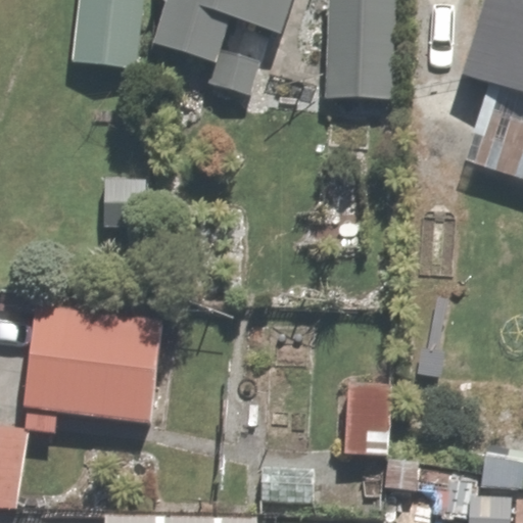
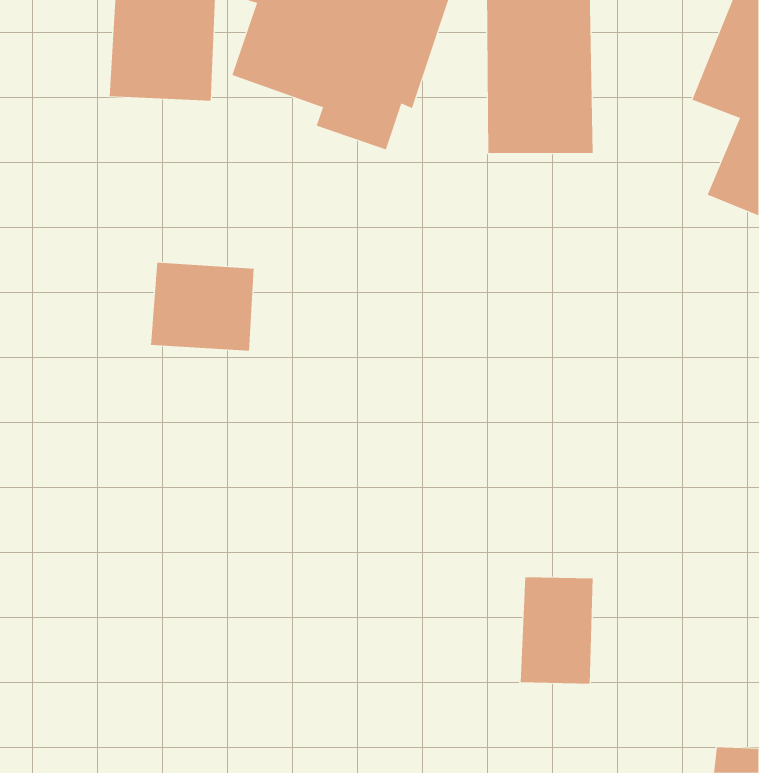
building: [33,303,169,417] -> none

